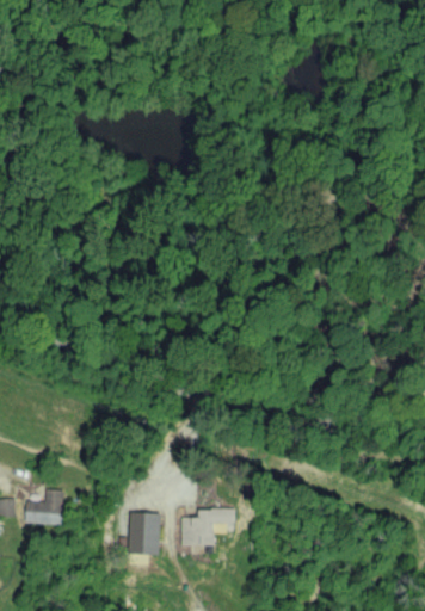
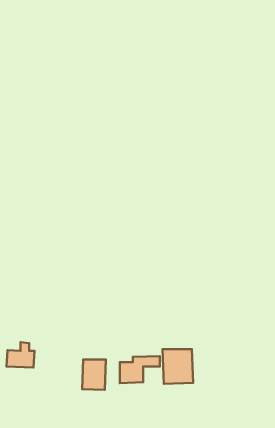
building: none -> [163,349,193,384]

